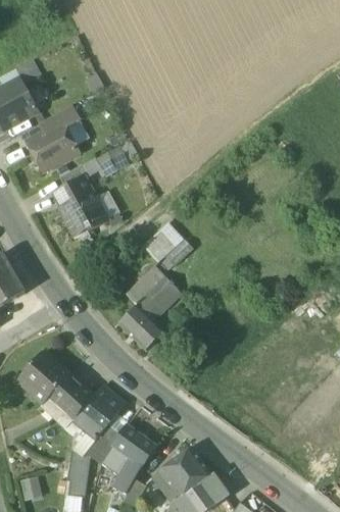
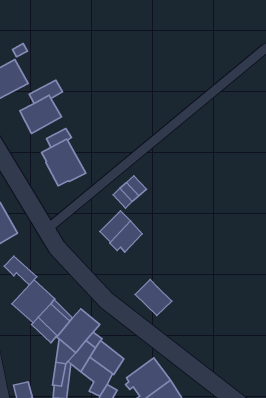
building: [119,305,164,349] -> [135,280,172,315]
building: none -> [4,256,37,285]

